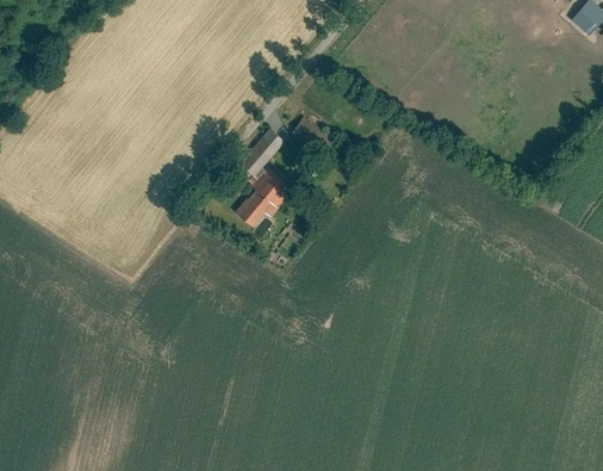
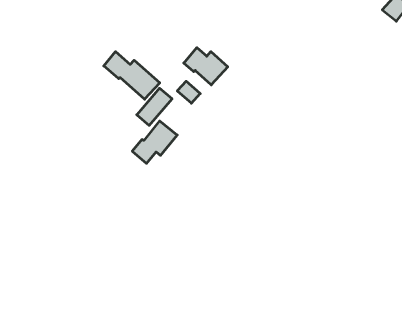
building: none -> [184,48,228,85]
building: none -> [104,52,160,99]

